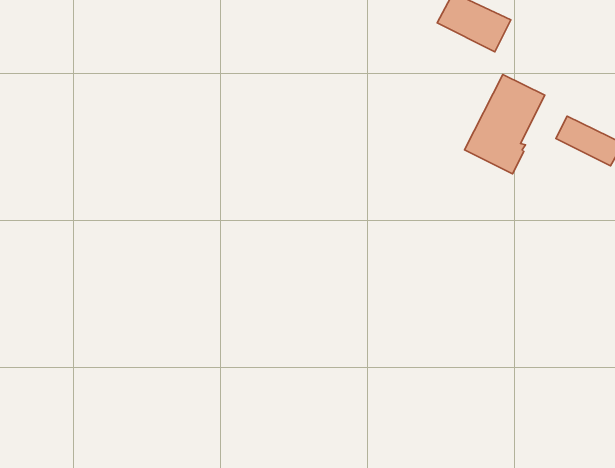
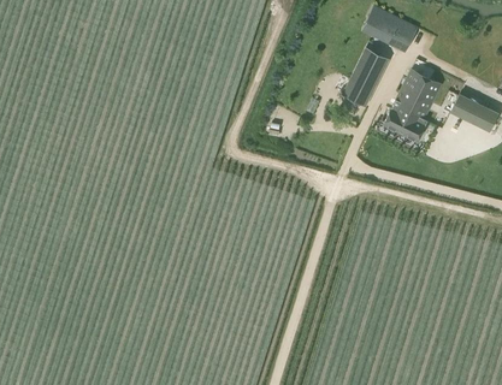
building: none -> [343,47,389,105]

